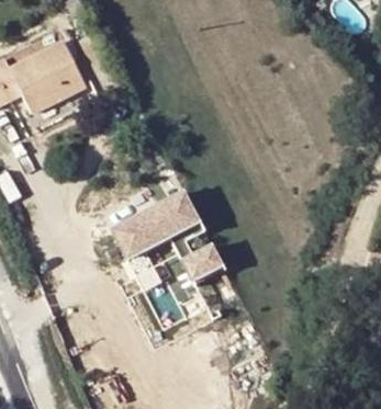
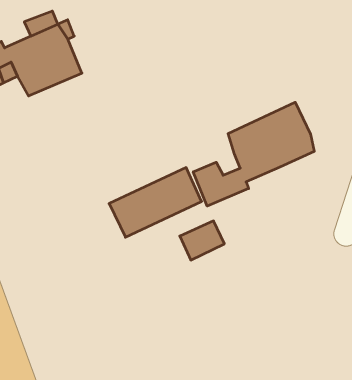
building: none -> [193,102,314,206]

